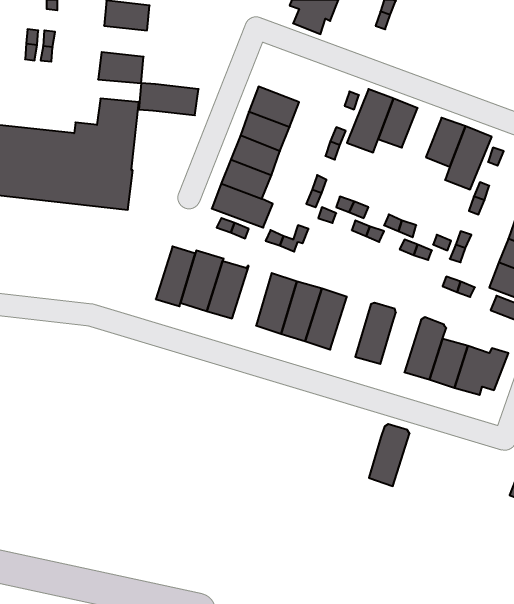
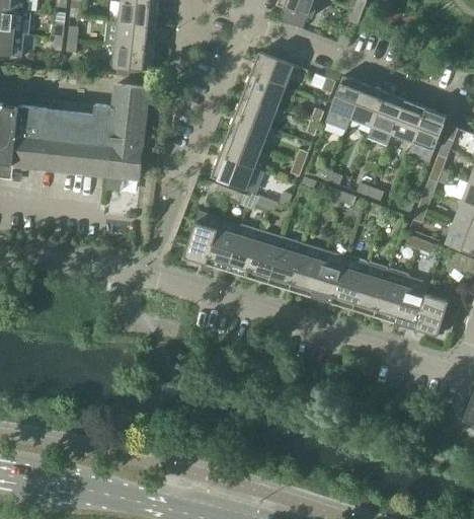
building: none -> [250,52,293,87]
building: [139,83,199,115] -> [105,21,156,49]
building: none -> [372,92,405,134]
building: [156,246,195,306] -> [228,226,261,277]
building: none -> [311,252,345,303]
building: [369,424,410,486] -> [353,264,388,316]

